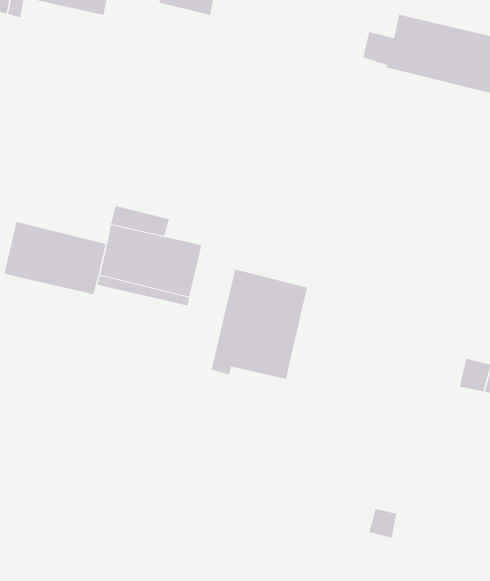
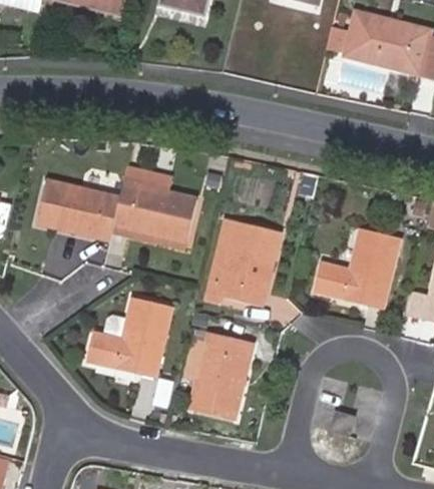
building: none -> [315,229,401,308]
building: none -> [88,298,171,376]
building: none -> [186,334,252,414]

